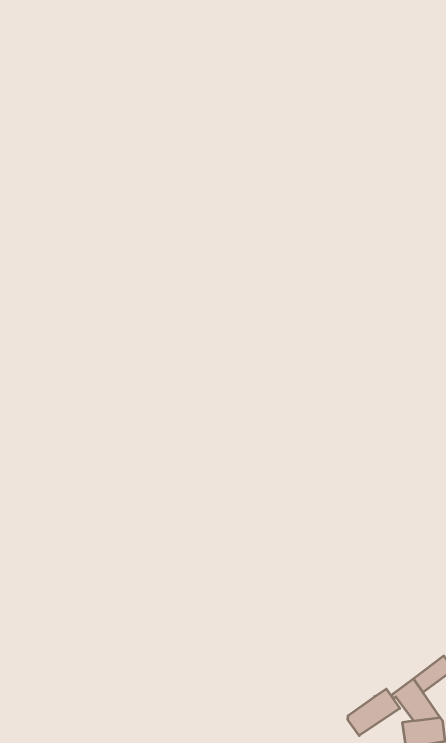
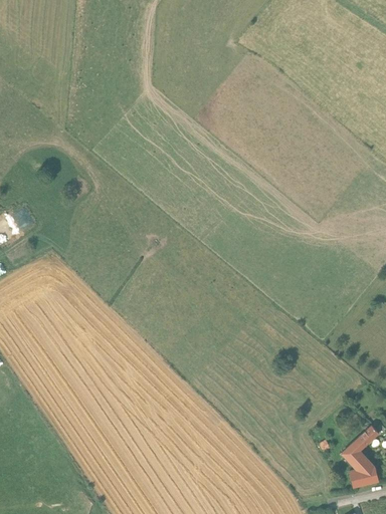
building: [348,689,400,736] -> none

